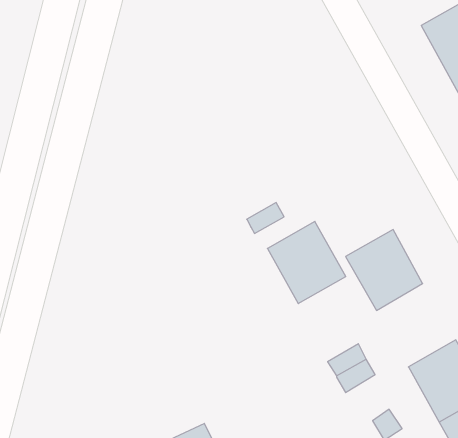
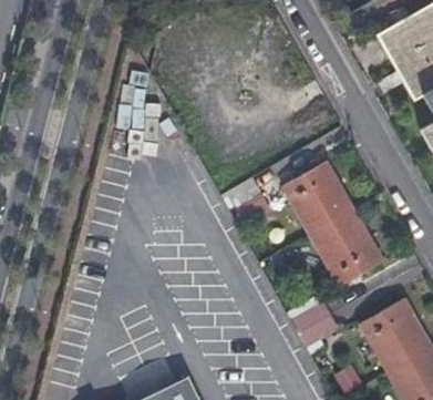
building: [267,221,346,304] -> [283,162,351,233]

